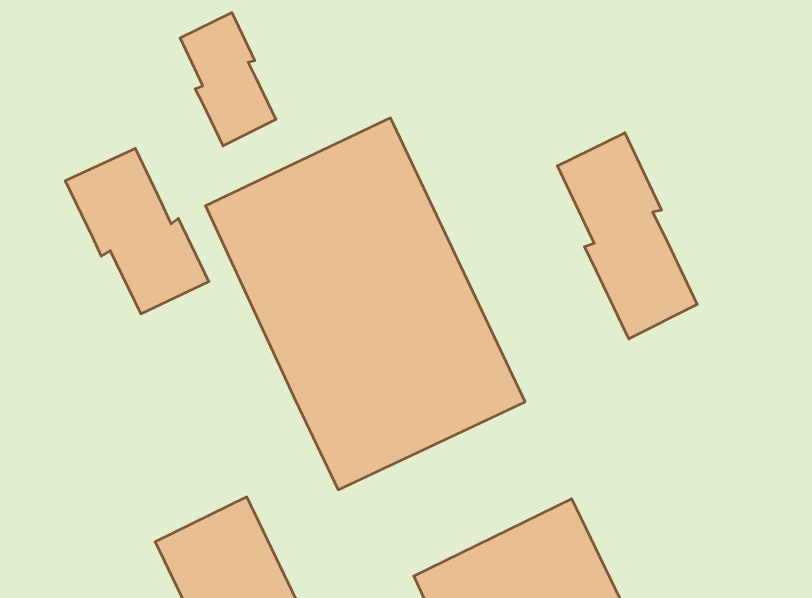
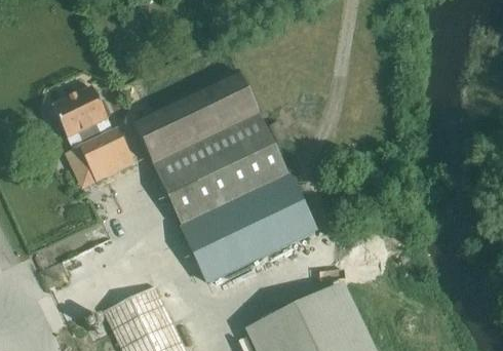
building: [180,13,276,146] -> none
building: [557,133,697,339] -> none

